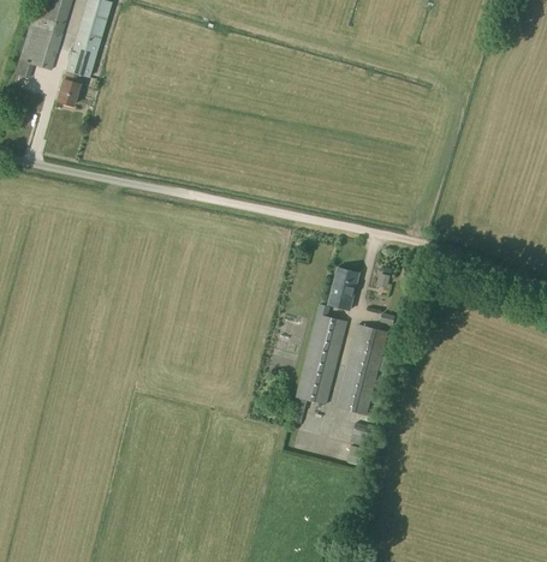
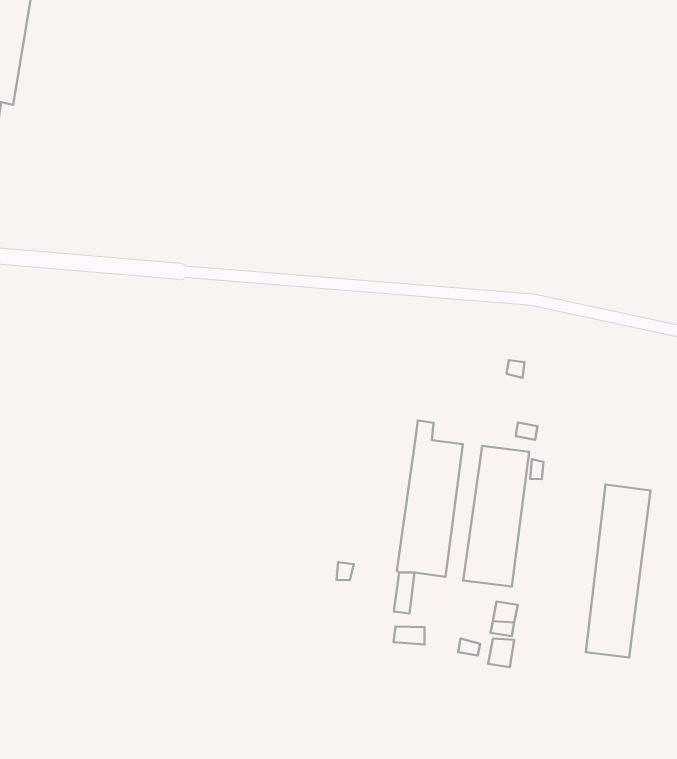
building: [331,267,362,309] -> none
building: none -> [586,484,650,657]

